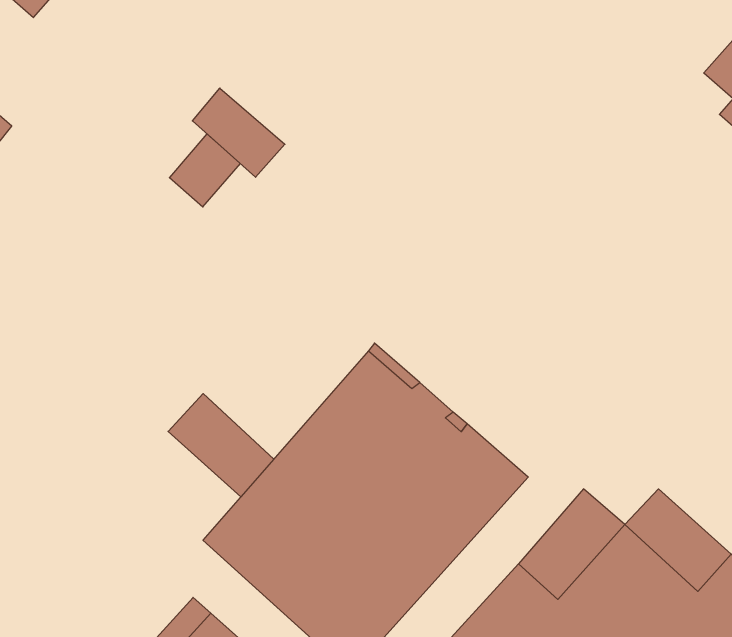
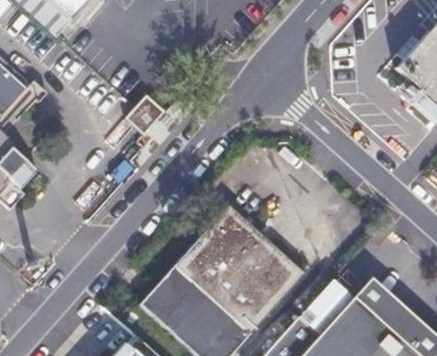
building: [192,88,285,177] -> none
building: [168,394,274,497] -> none

